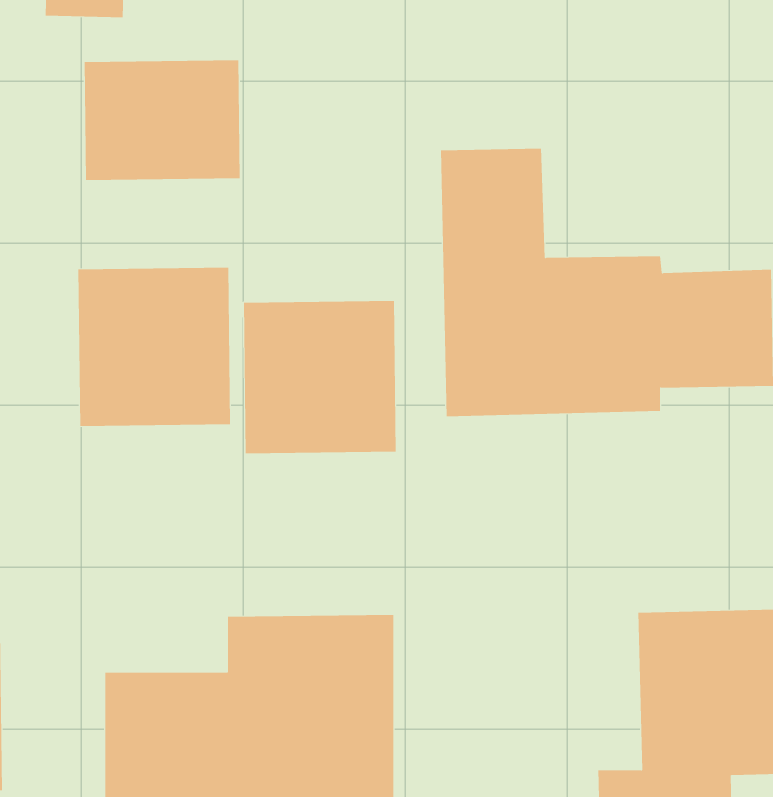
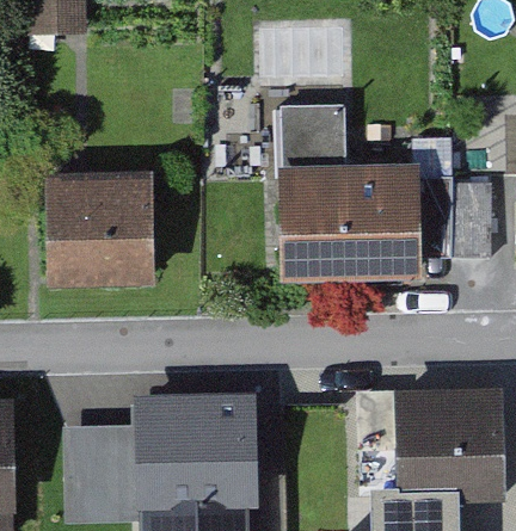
building: [84,60,240,181] -> none
building: [244,300,396,454] -> none

